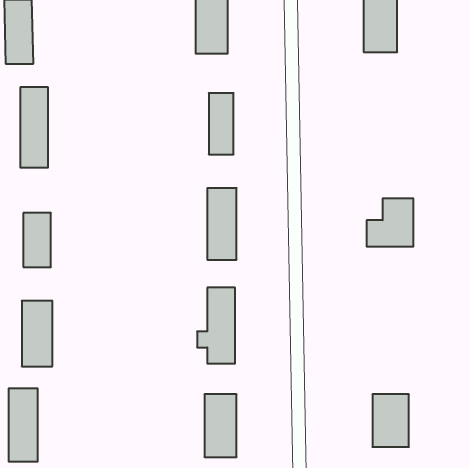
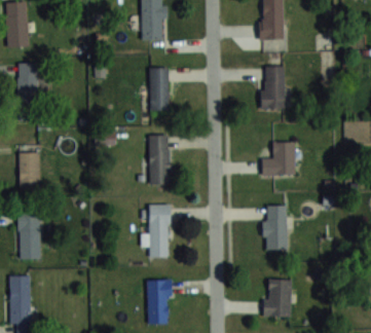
building: none -> [263,68,286,109]
building: none -> [264,206,287,250]

